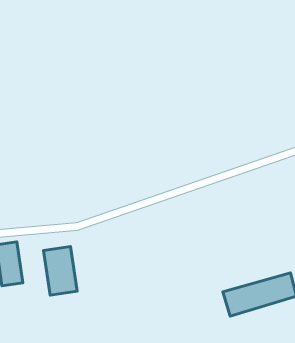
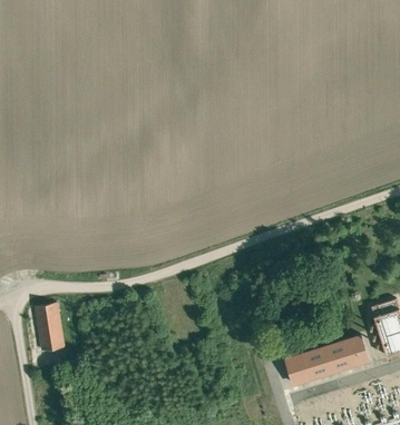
building: [44,247,77,295] -> none

